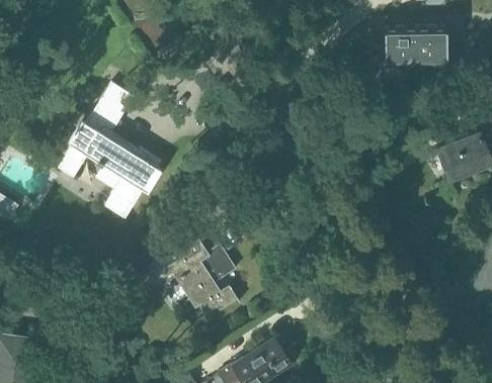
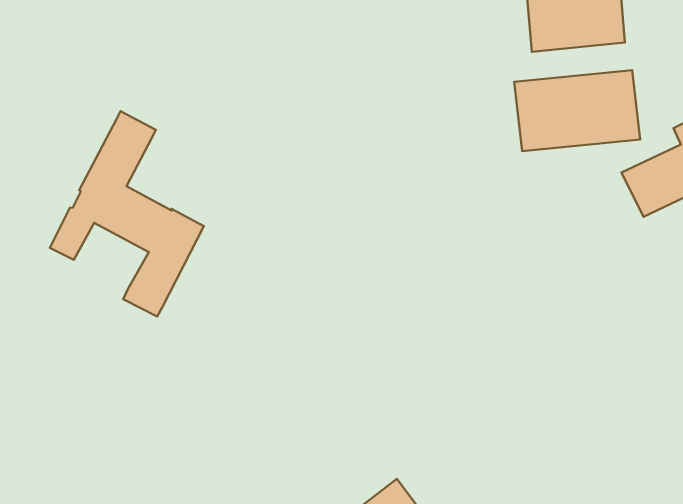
building: none -> [514,70,640,151]
building: [146,240,237,314] -> none

